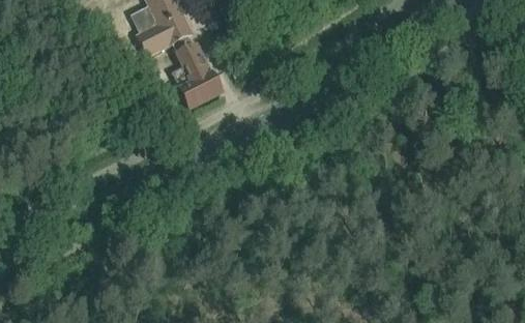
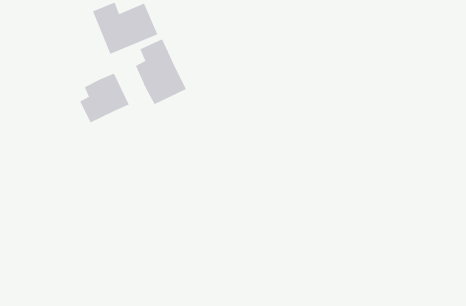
building: none -> [80,73,129,123]

